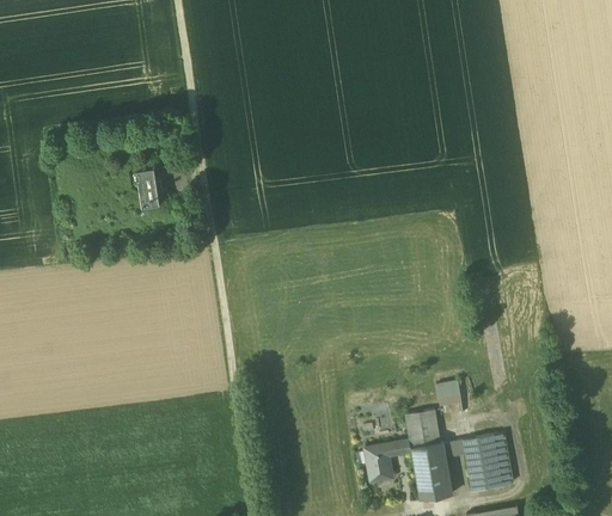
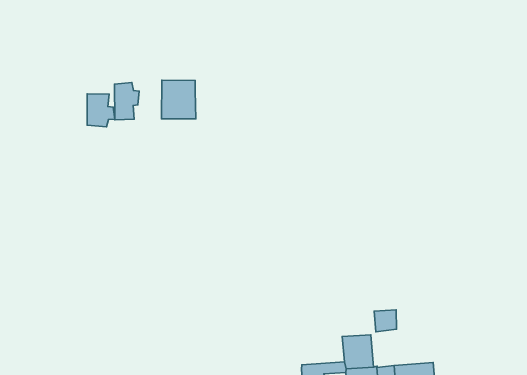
building: none -> [162,80,196,119]
building: none -> [87,94,115,127]

